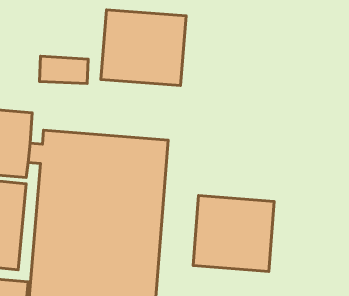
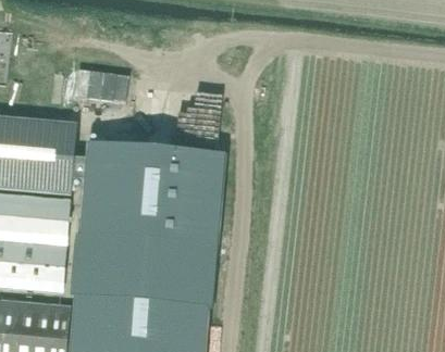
building: [101,10,186,85] -> none
building: [193,195,274,271] -> none

